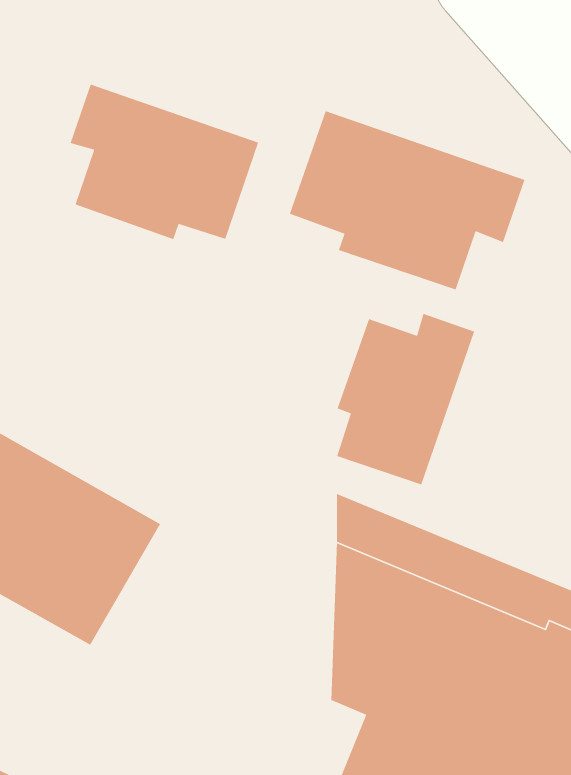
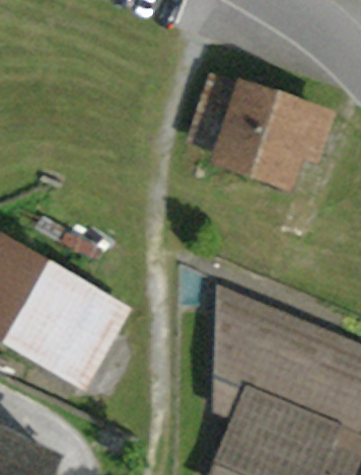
building: [69,84,259,240] -> none
building: [336,313,475,486] -> none

